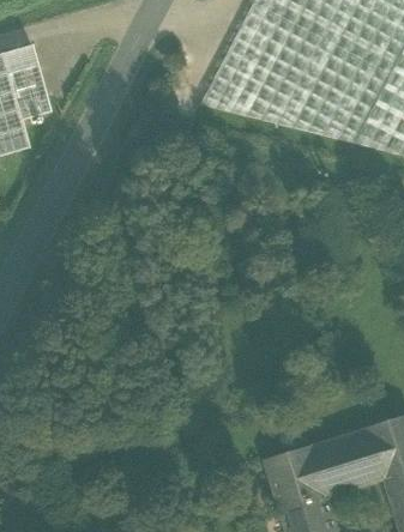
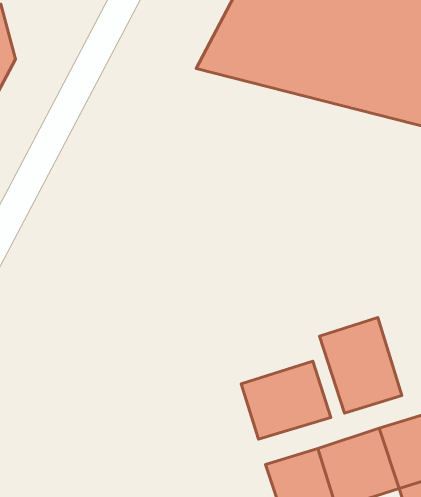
building: none -> [320,318,402,413]
building: none -> [241,361,331,439]

